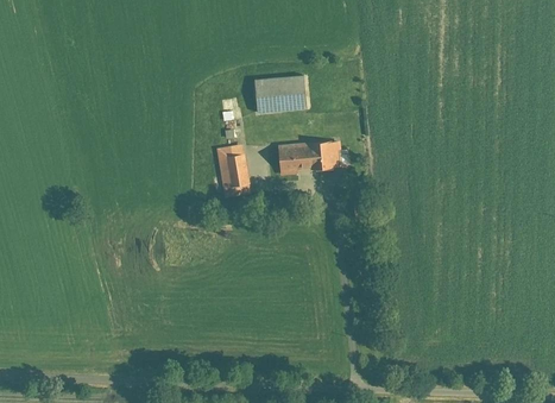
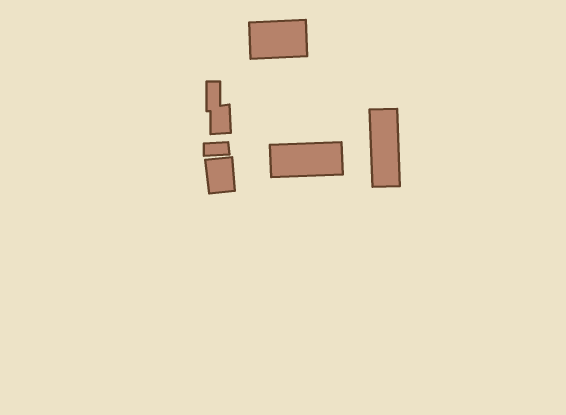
building: [254,77,305,112] -> [249,20,307,59]
building: none -> [370,109,400,187]

